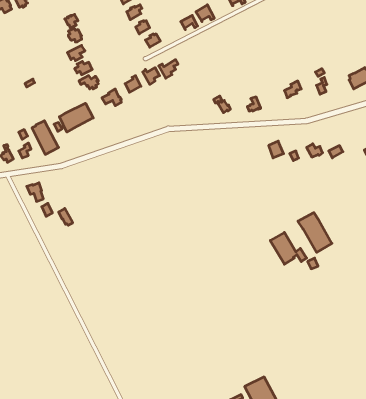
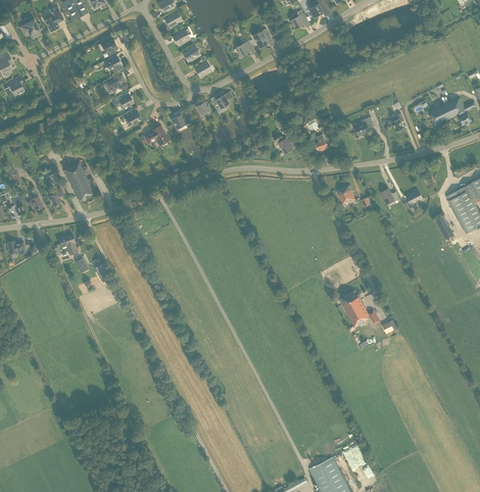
building: [59,103,93,132] -> none
building: [298,213,332,252] -> none

